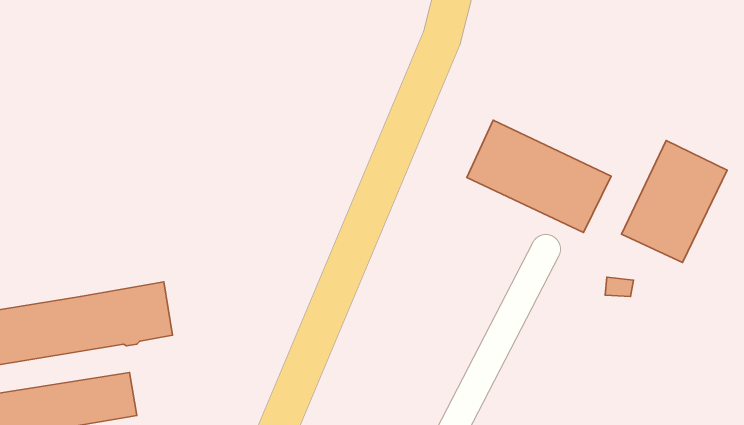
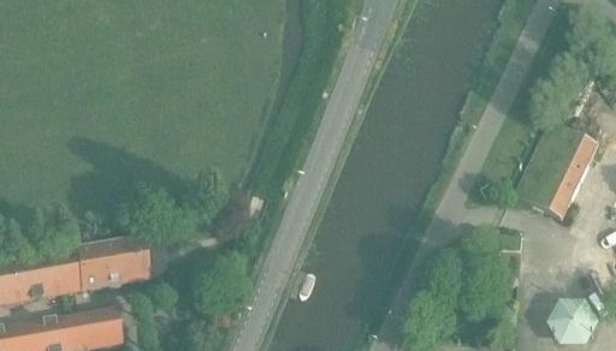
building: [467,120,611,232] -> none
building: none -> [547,298,599,344]

